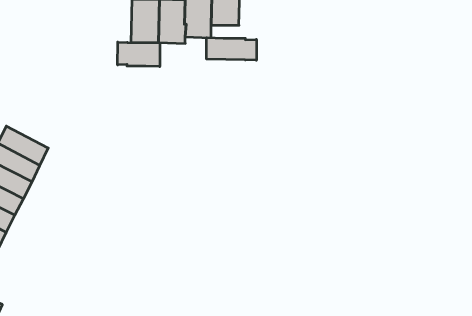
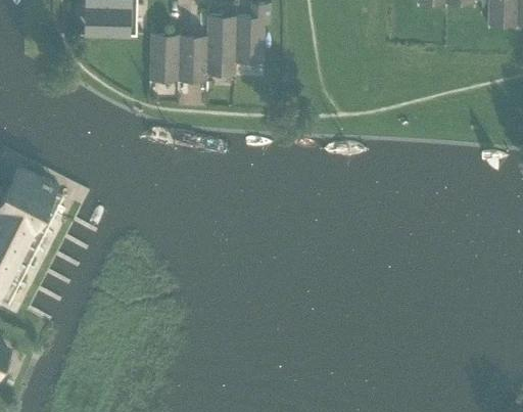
building: [207,38,256,60] -> none
building: [118,42,160,67] -> none

